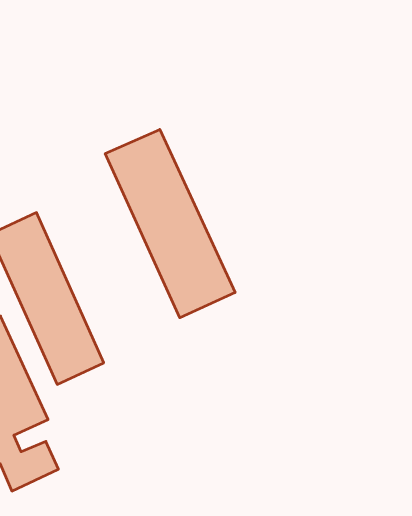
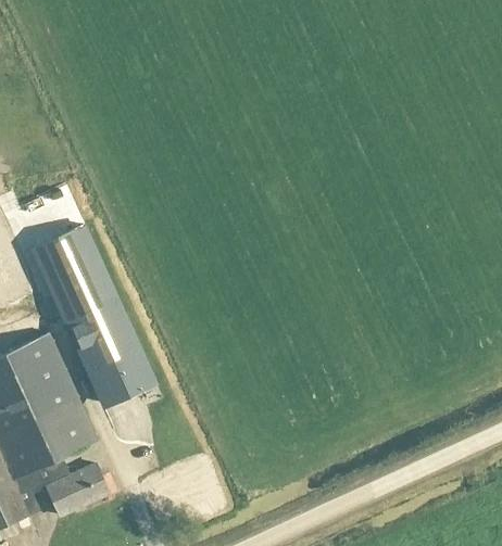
building: [105,129,235,318] -> none

